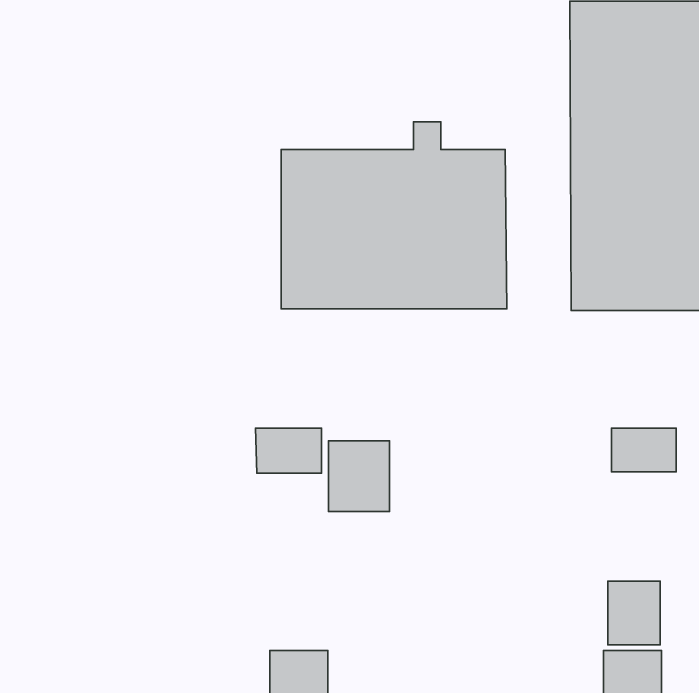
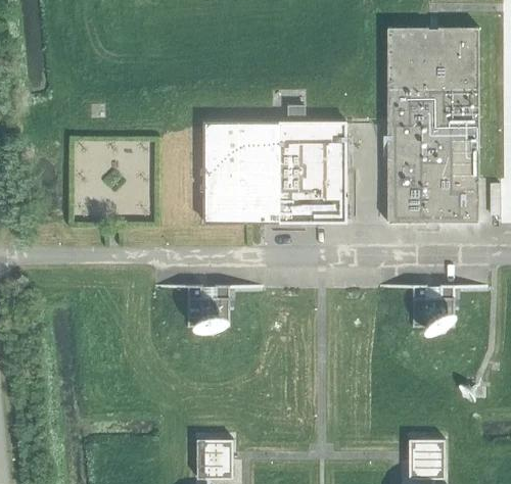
building: [329,441,390,512] -> none
building: [608,581,660,645] -> none

